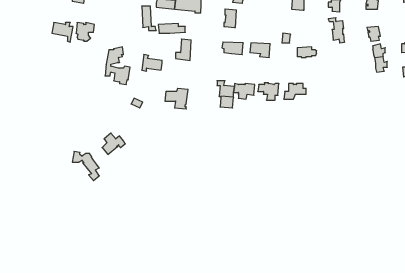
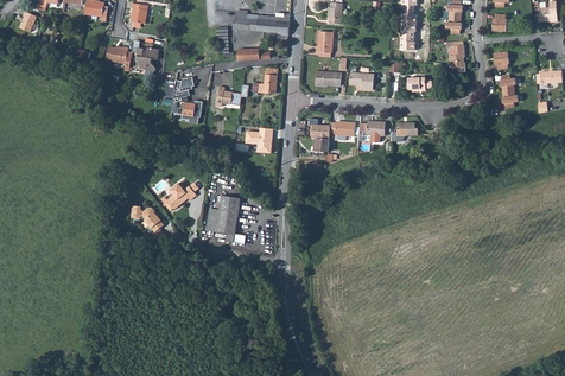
building: none -> [205,196,245,244]

